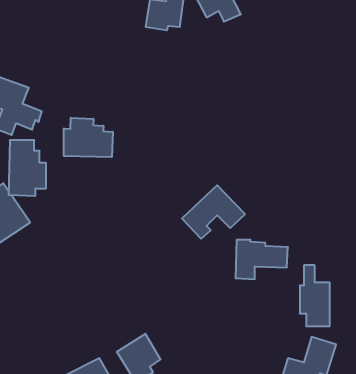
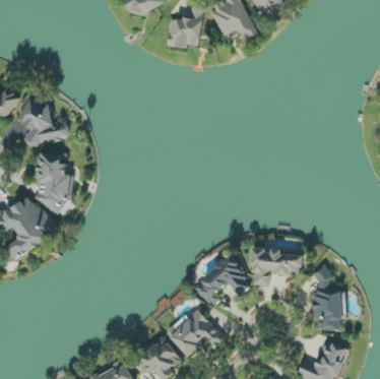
building: [64,118,113,157] -> none
building: [182,185,245,239] -> [194,256,254,307]
building: none -> [167,307,224,358]

